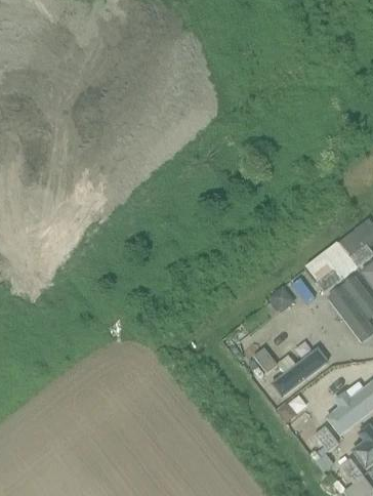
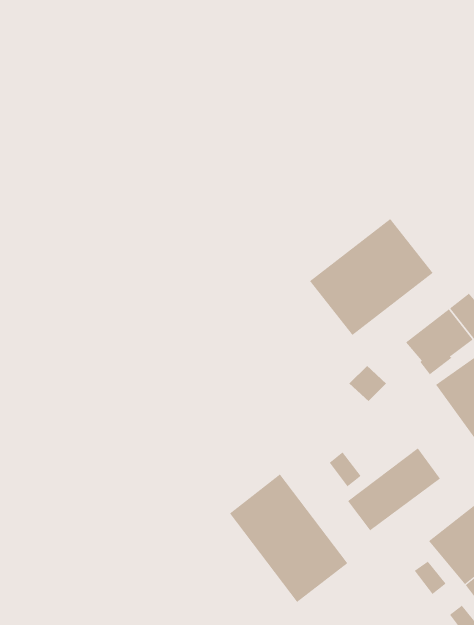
building: none -> [309,218,433,336]
building: none -> [229,473,348,603]

